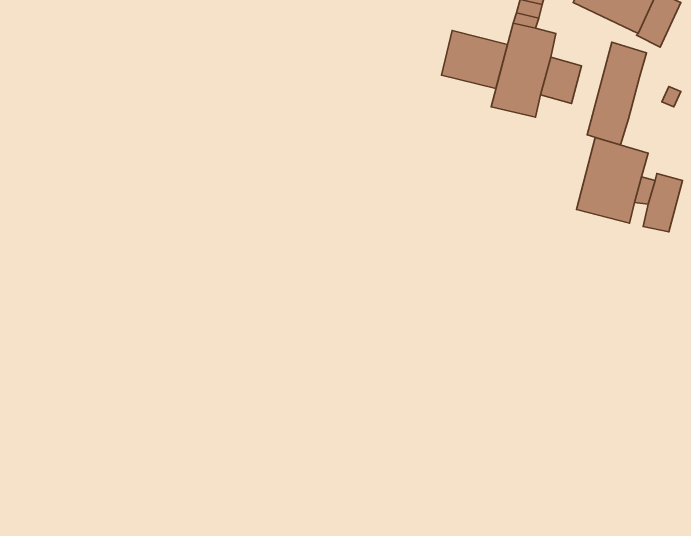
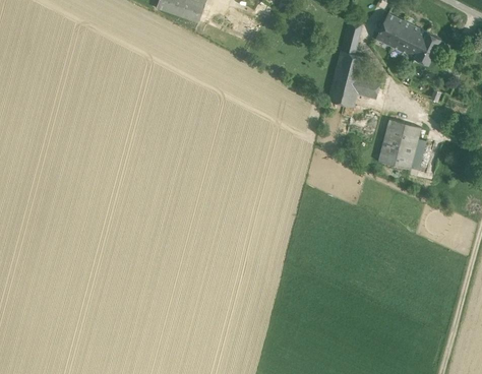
building: [441,30,508,88] -> none
building: [587,42,646,145] -> none

